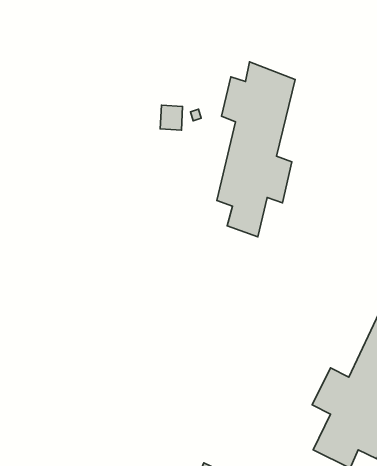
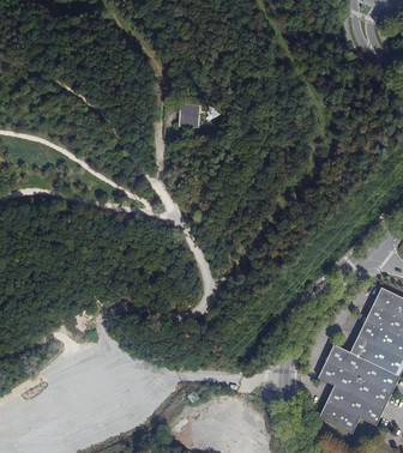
building: [217,62,295,237] -> none

